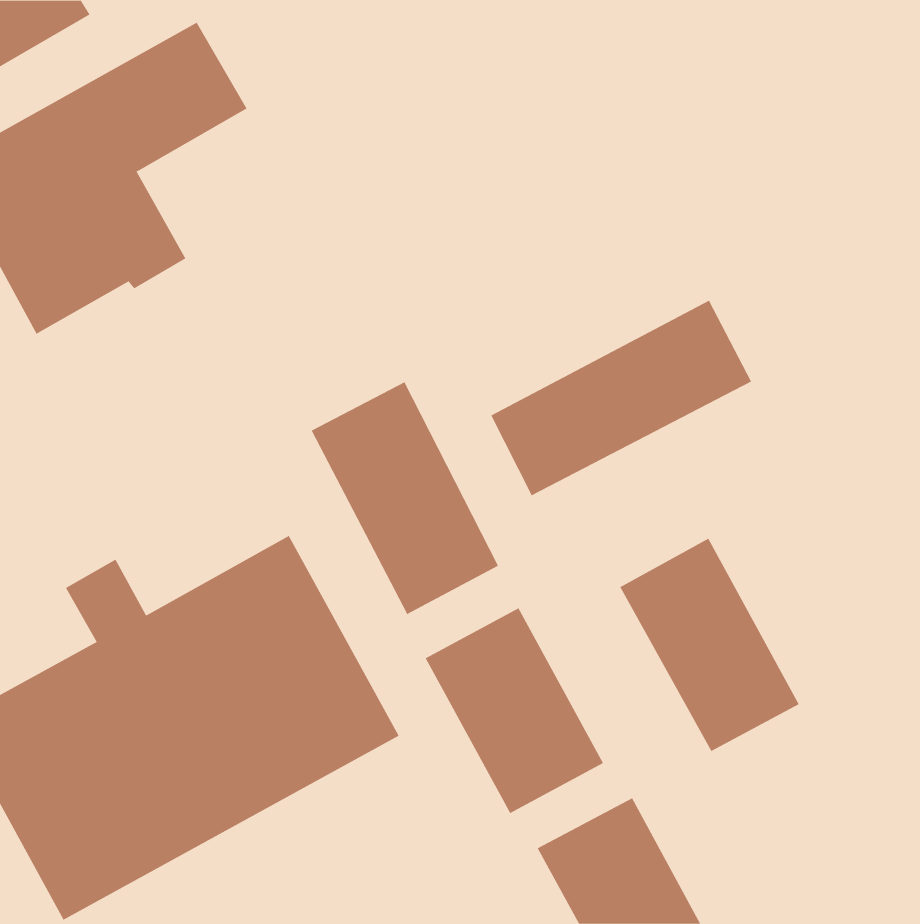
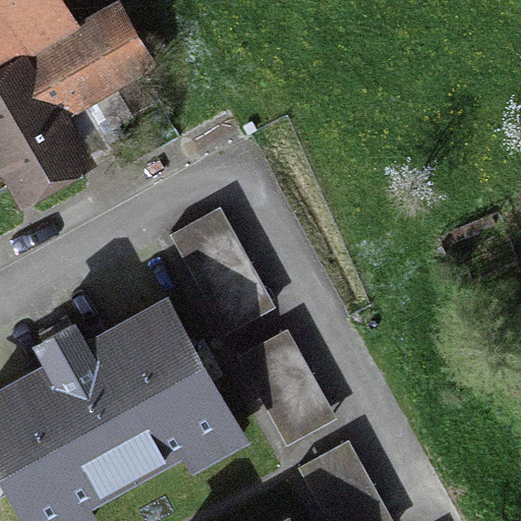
building: [490,300,752,496] -> none
building: [619,538,799,752] -> none

